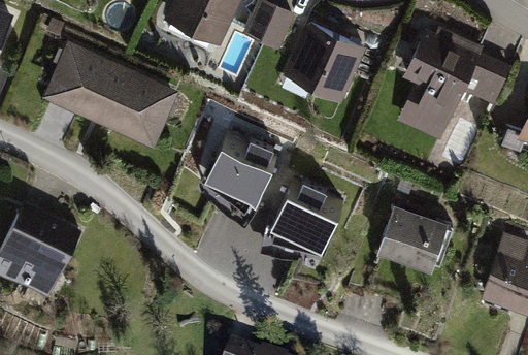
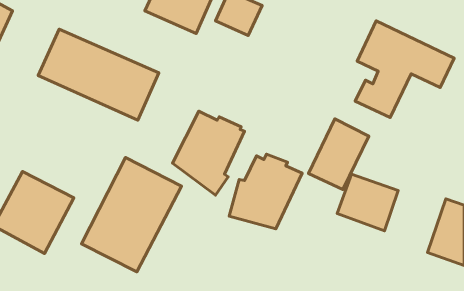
building: [285,19,367,97] -> none
building: none -> [309,119,369,189]
building: none -> [81,158,181,272]

